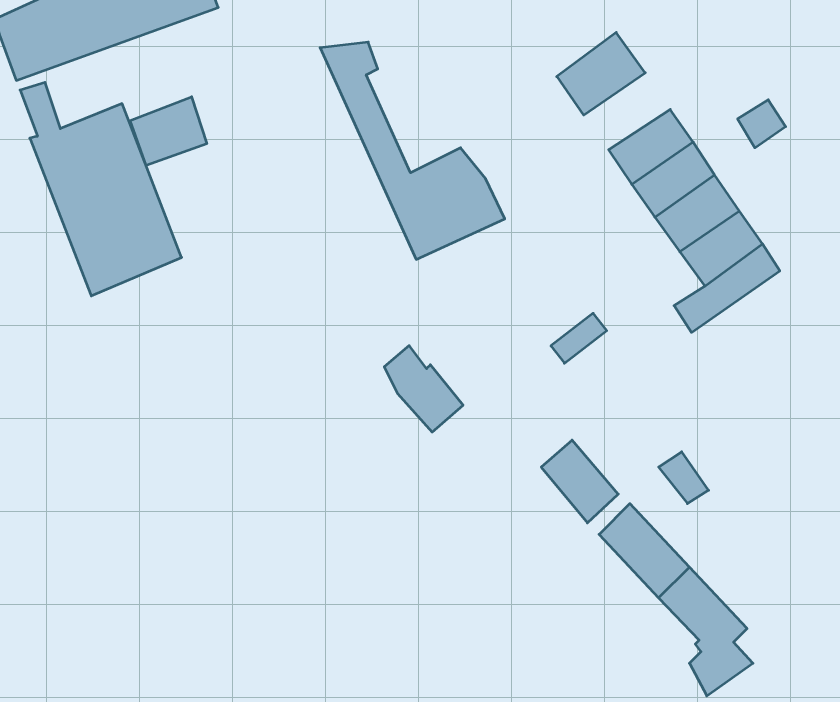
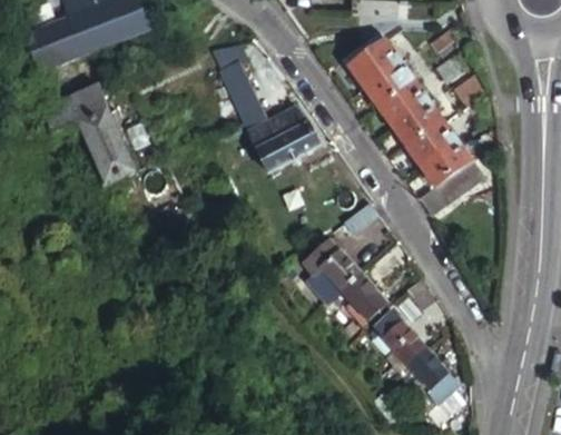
building: none -> [366,63,416,108]
building: [130,97,207,166] -> none
building: [384,346,463,432] -> [314,241,360,291]

